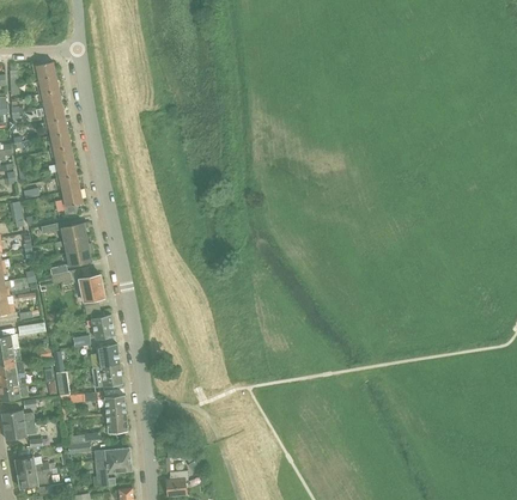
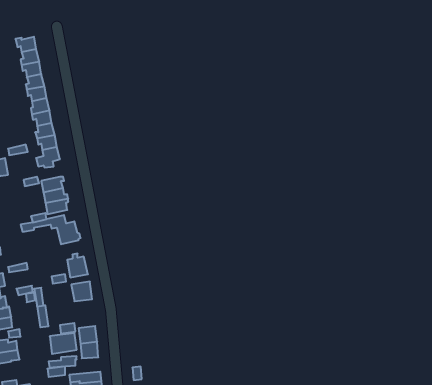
building: [91,364,122,388] -> [50,333,77,354]

